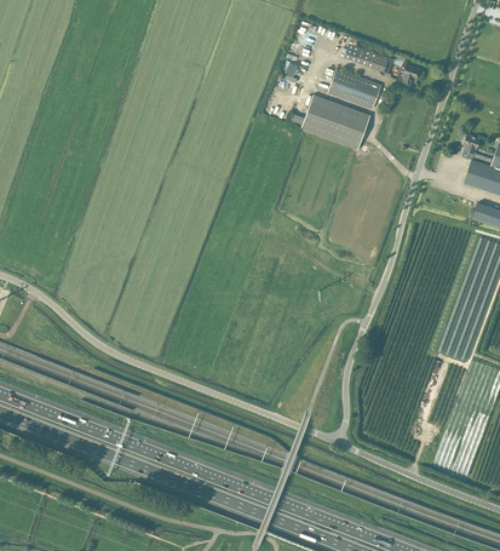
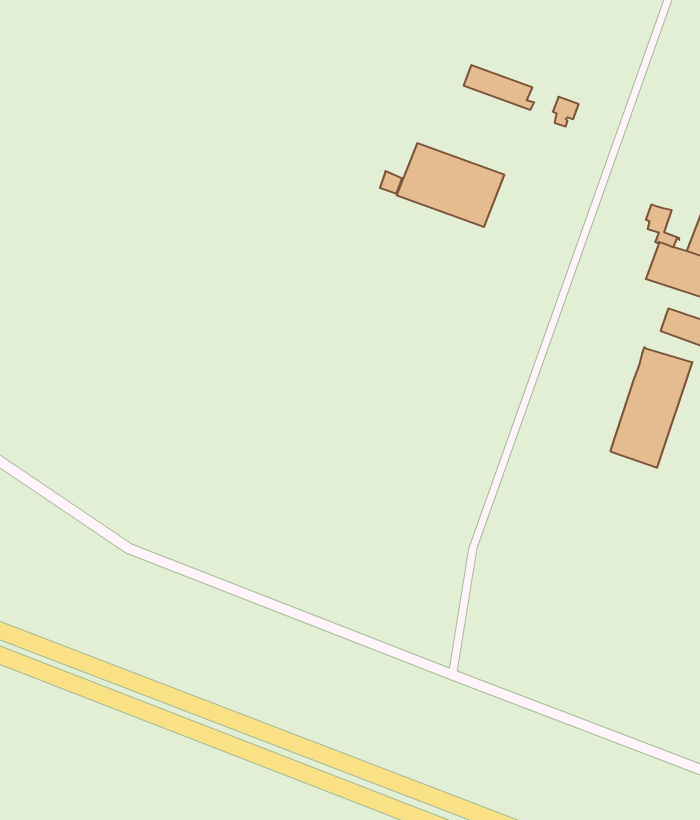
building: [328,68,383,108] -> none
building: none -> [610,347,692,468]

